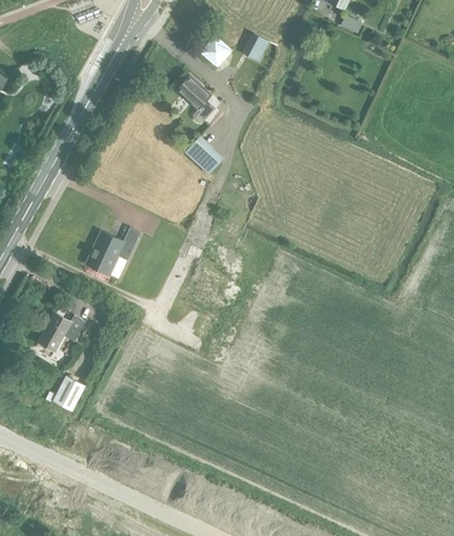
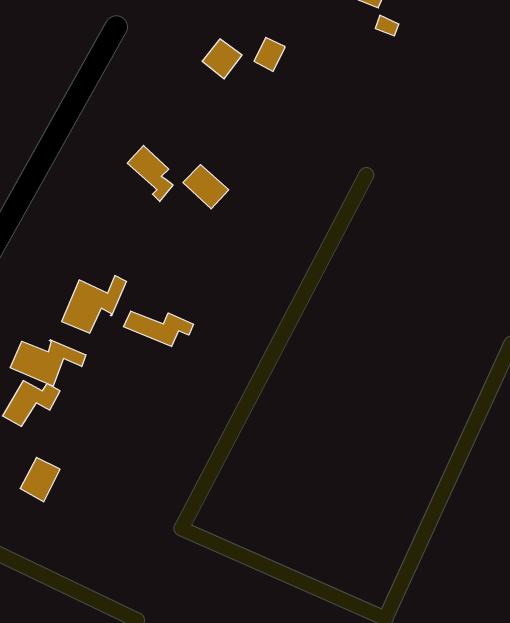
building: [177,76,214,122] -> [127,145,173,202]
building: none -> [124,311,193,347]
building: none -> [10,340,86,386]

